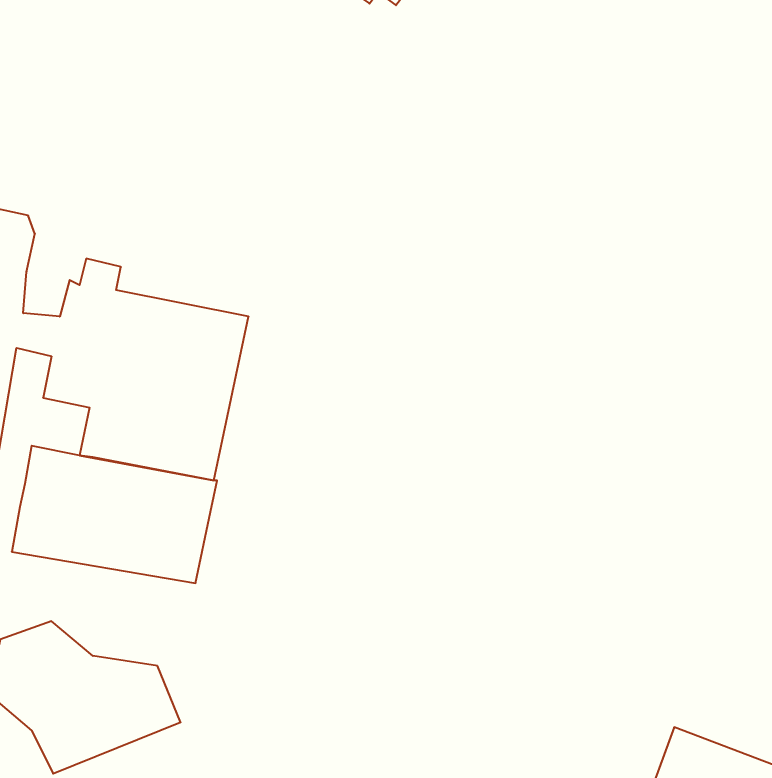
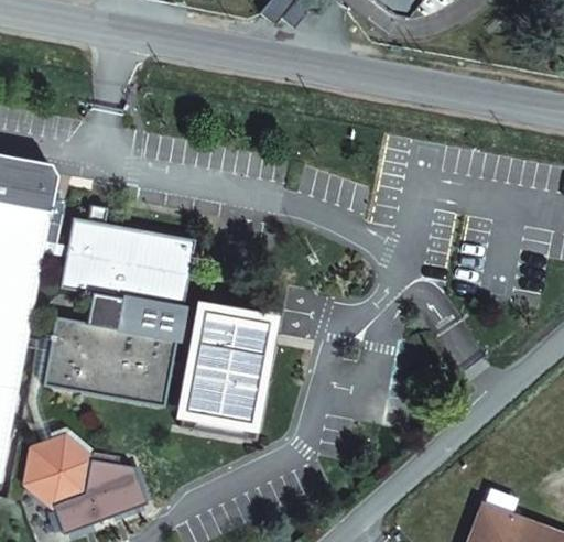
building: none -> [170,299,276,434]

